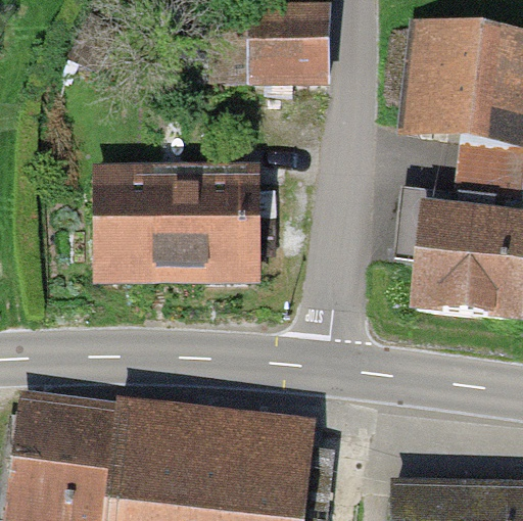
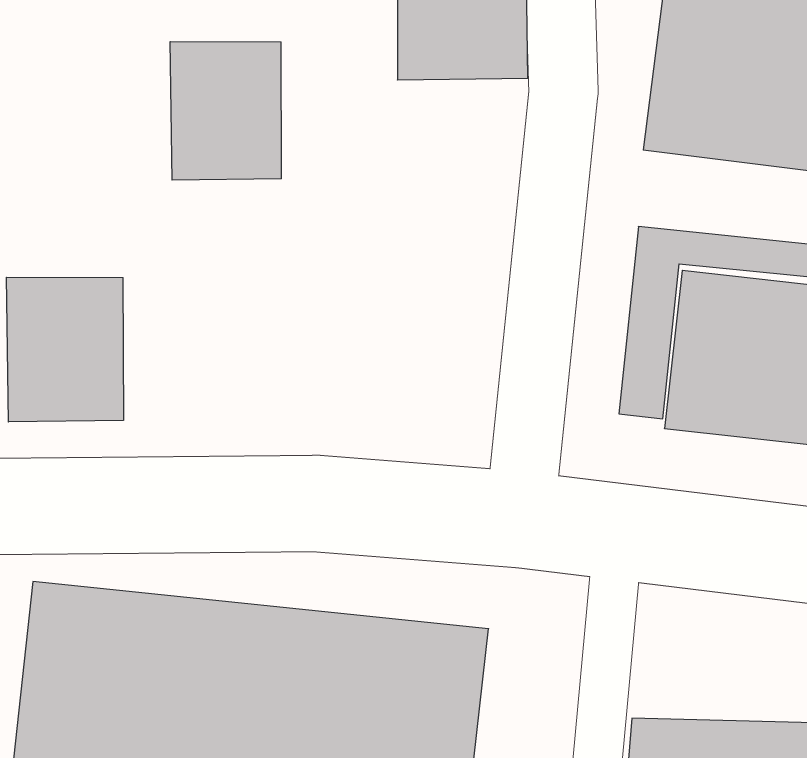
building: none -> [170,42,281,180]
building: [102,172,262,277] -> none
building: none -> [7,277,123,422]

